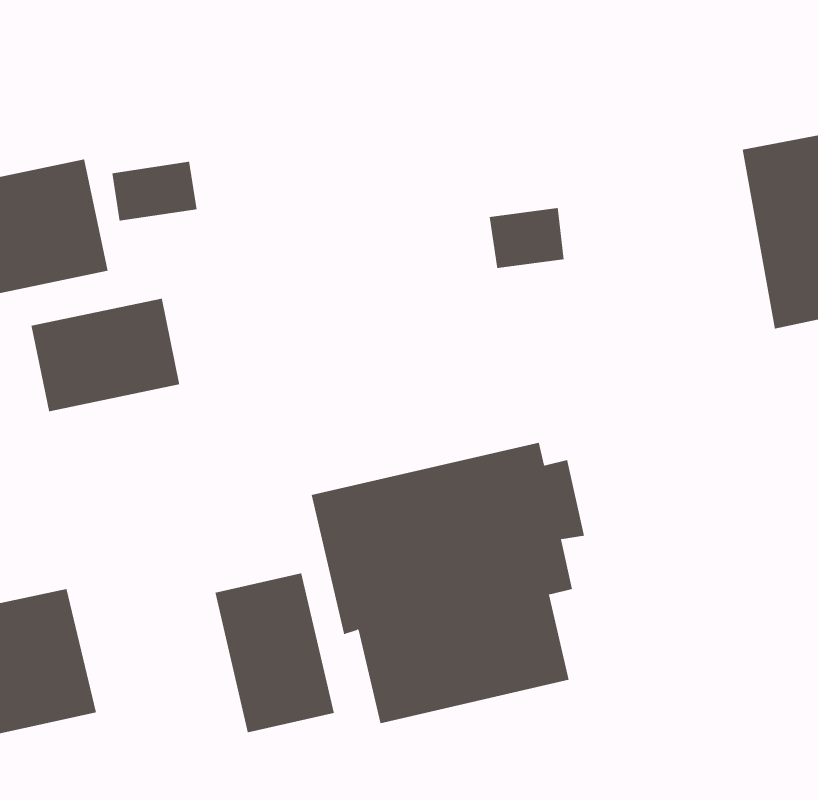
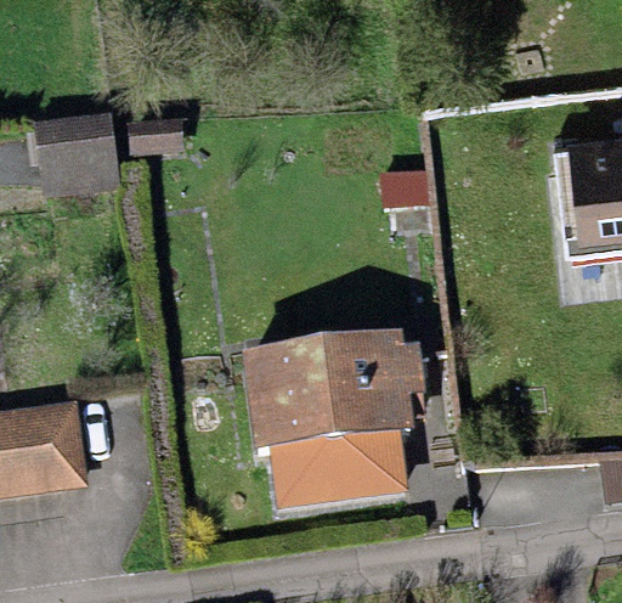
building: [31,298,180,412] -> none
building: [215,572,334,733] -> none

